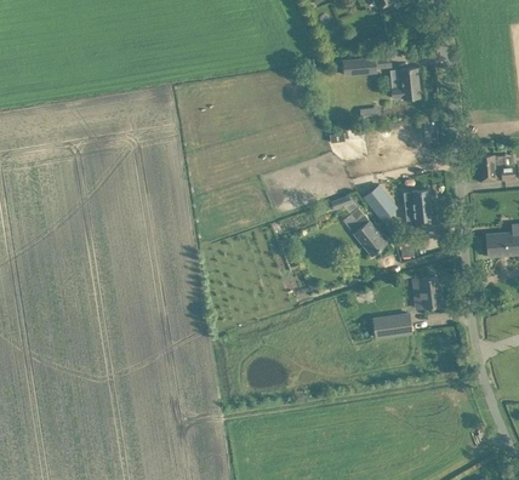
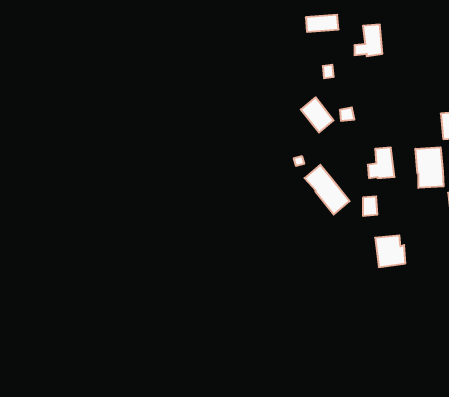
building: [363,184,395,219] -> [301,97,334,133]
building: none -> [415,147,444,188]
building: [371,313,411,337] -> none

